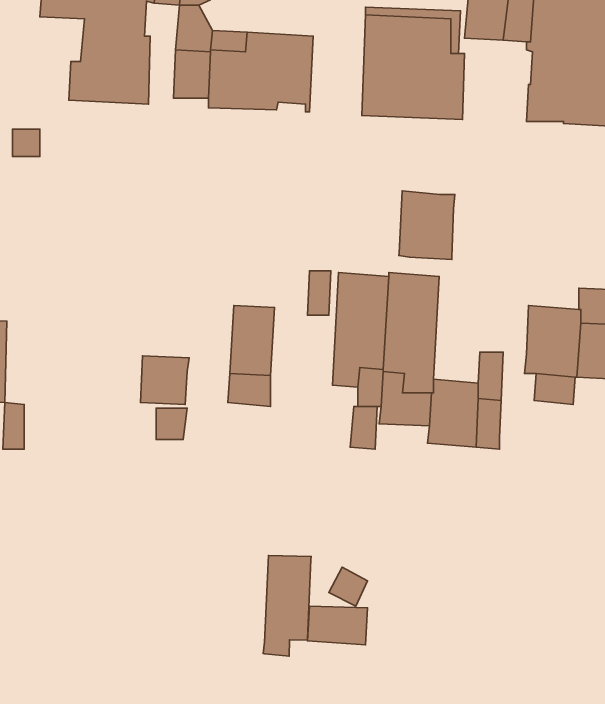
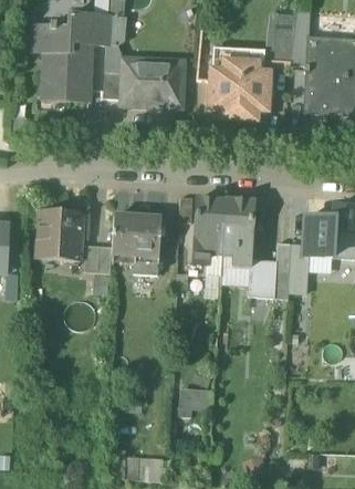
building: [399,191,455,259] -> none
building: none -> [36,207,87,260]
building: none -> [112,214,137,254]
building: none -> [289,242,310,291]
building: [263,555,311,656] -> none

